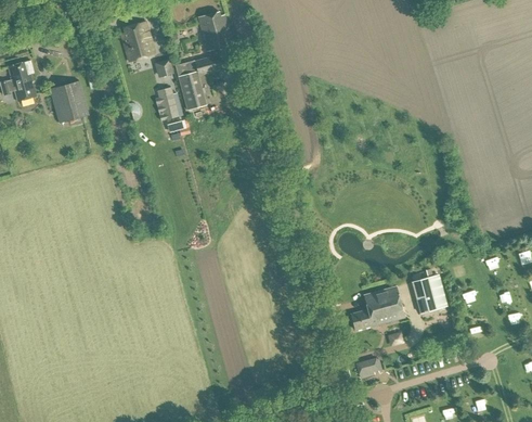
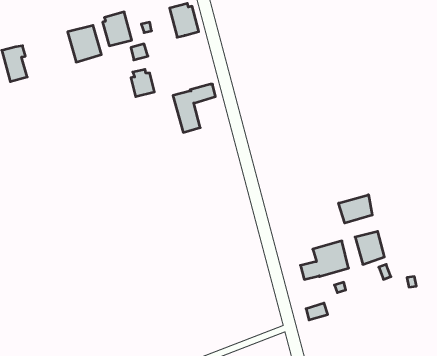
building: [174,54,223,110] -> [173,84,215,132]
building: [49,80,88,123] -> [68,25,101,62]
building: none -> [339,195,372,223]

